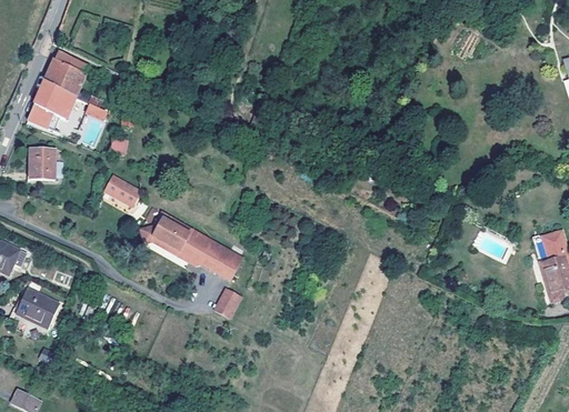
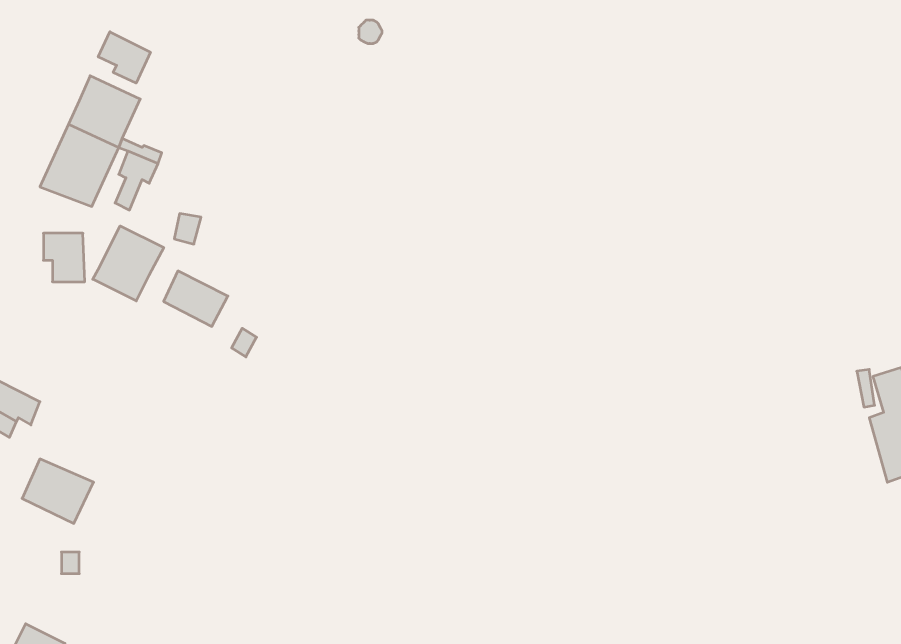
building: none -> [98,32,150,83]
building: none -> [93,226,164,301]
building: [153,214,242,279] -> none
building: [213,285,242,318] -> none

